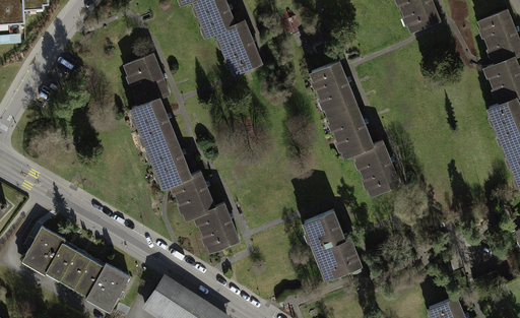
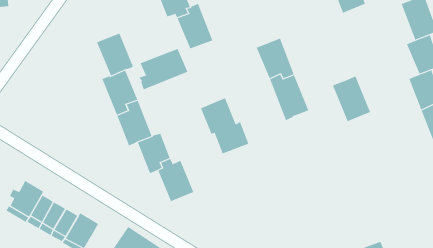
building: none -> [139,48,188,90]
building: [354,141,399,195] -> [332,76,371,122]
building: [304,210,361,276] -> [200,98,249,154]

